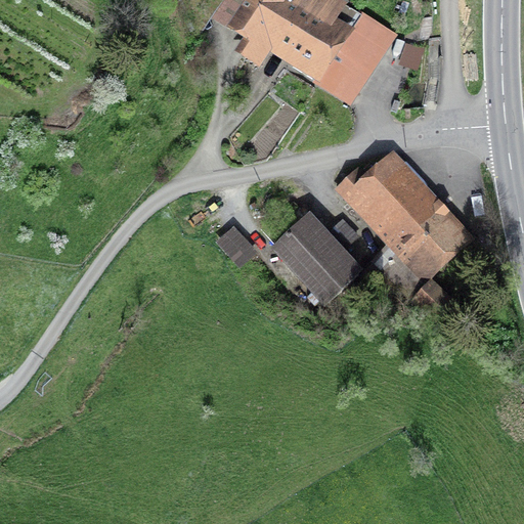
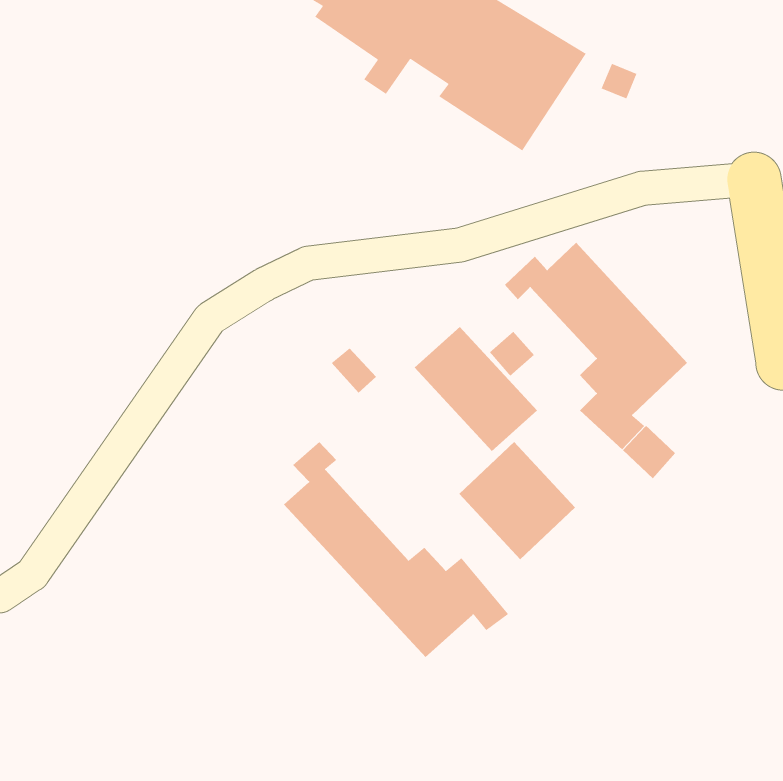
building: none -> [458,441,576,560]
building: none -> [283,441,509,658]

